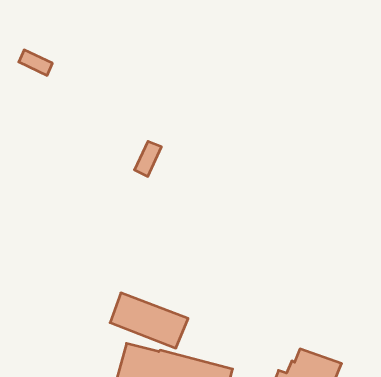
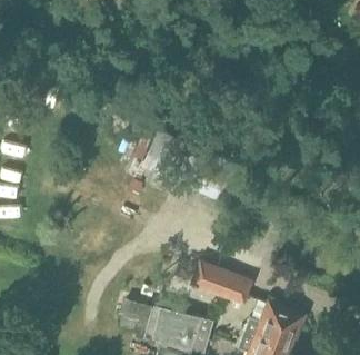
building: [110,293,188,348] -> [189,260,253,306]

